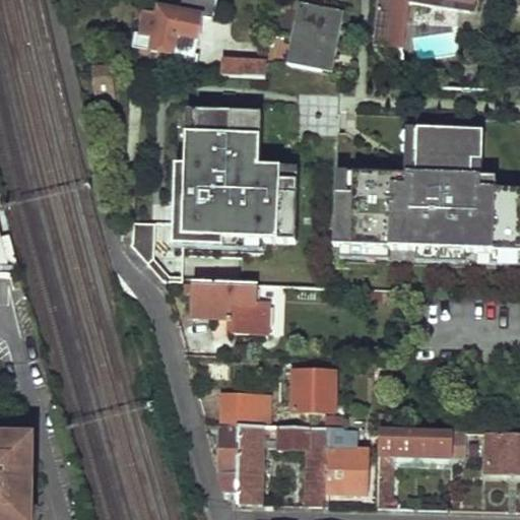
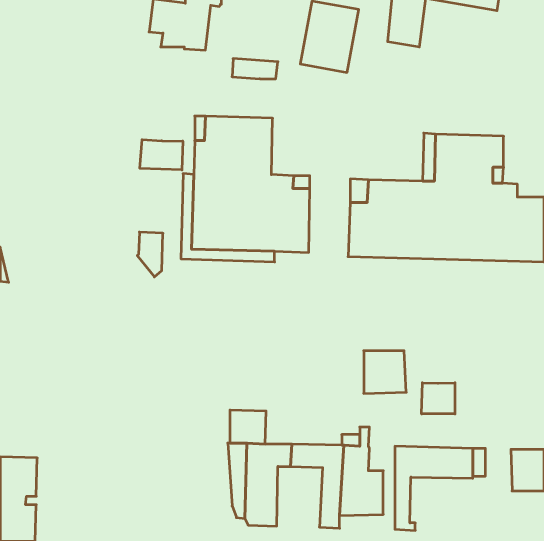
building: none -> [140,140,183,170]
building: [202,283,277,335] -> none
building: none -> [422,383,455,414]
building: [292,370,333,410] -> [364,351,406,393]

